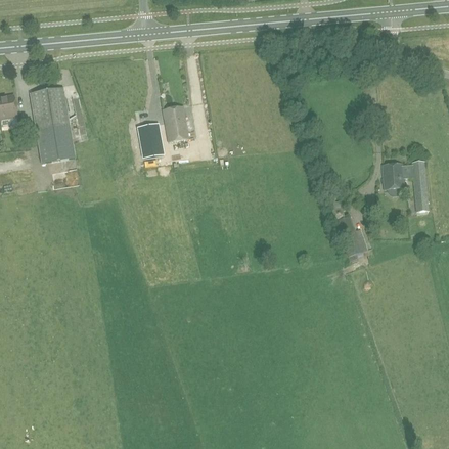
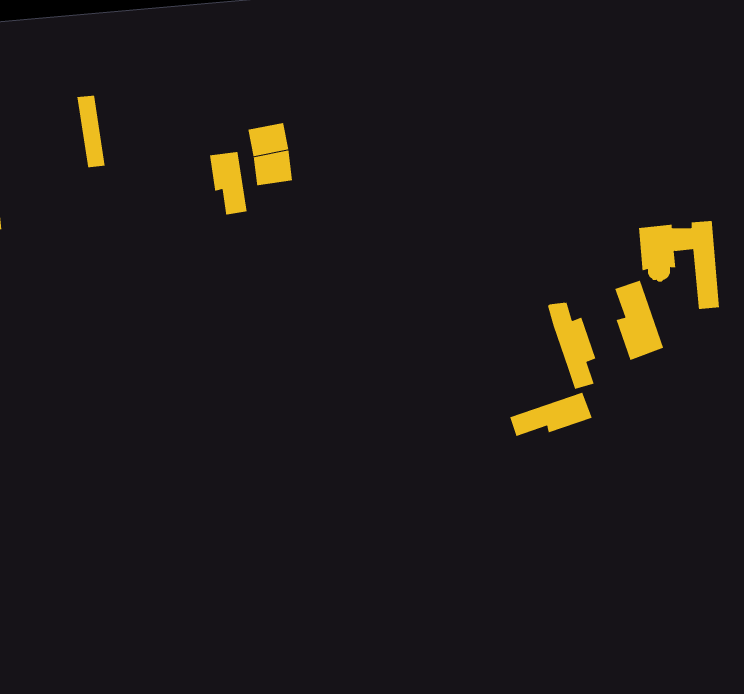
building: [29,87,74,163] -> none
building: none -> [615,280,664,361]
building: none -> [510,392,593,437]

